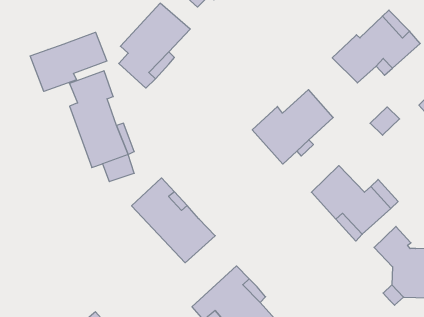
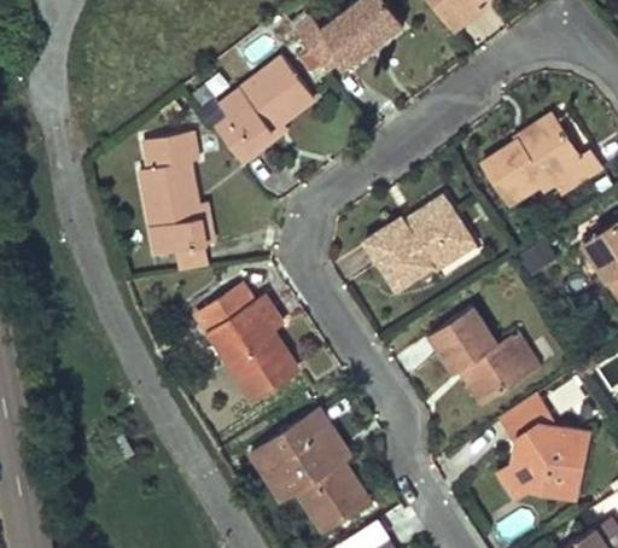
building: [30,32,107,91] -> none

